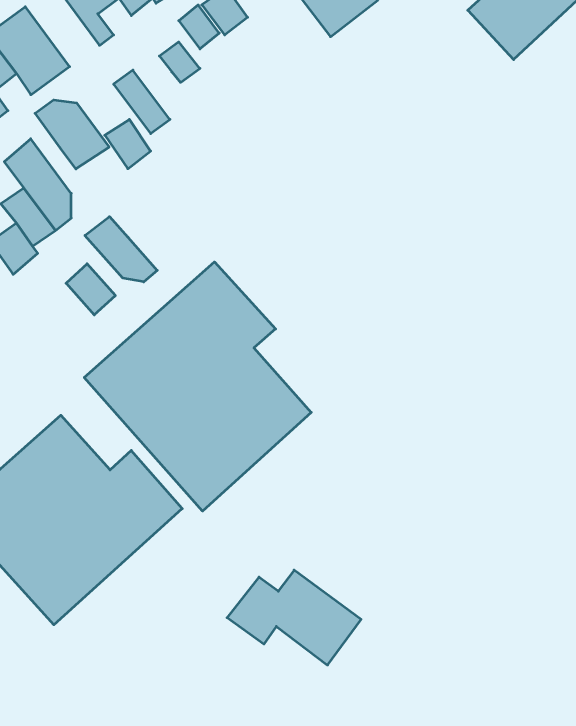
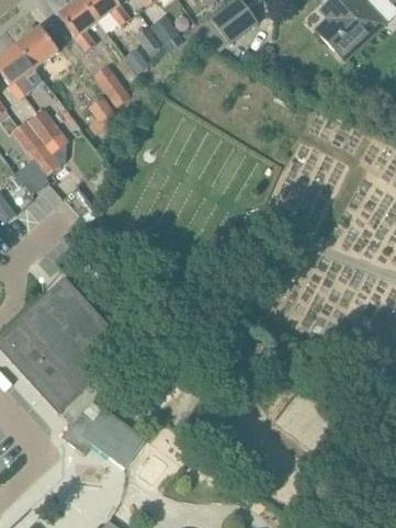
building: [35,100,109,169] -> none
building: [85,217,157,282] -> none
building: [84,262,311,511] -> none
building: [227,570,361,665] -> [60,407,144,467]

